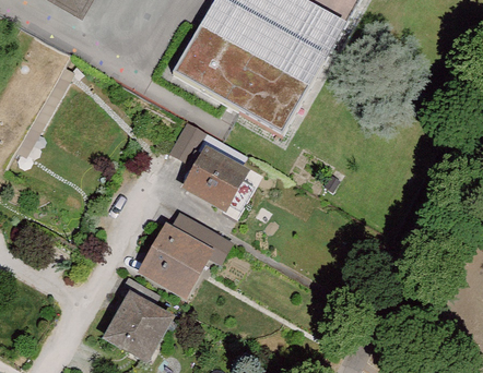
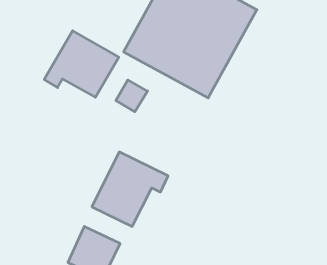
building: none -> [44,31,119,97]
building: [188,153,257,215] -> none

